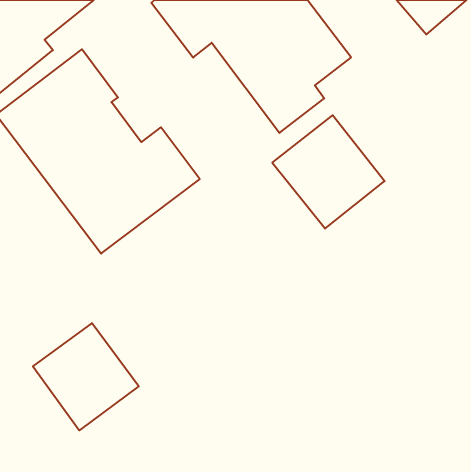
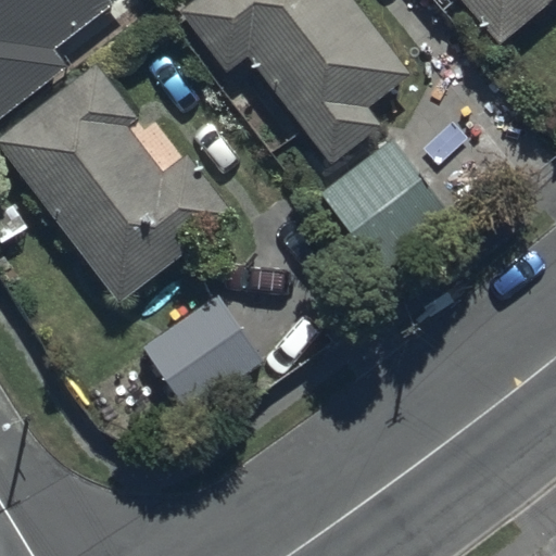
building: none -> [141,294,263,412]
building: [33,323,139,430] -> none

